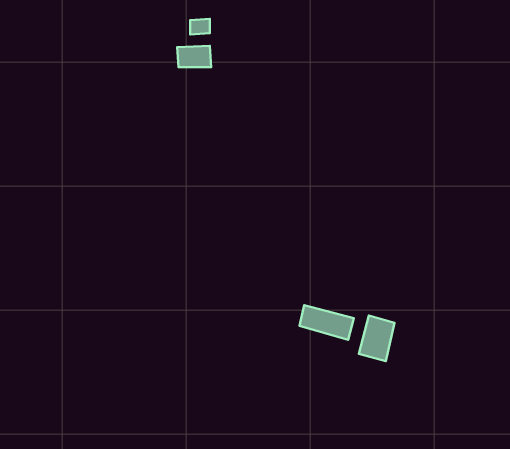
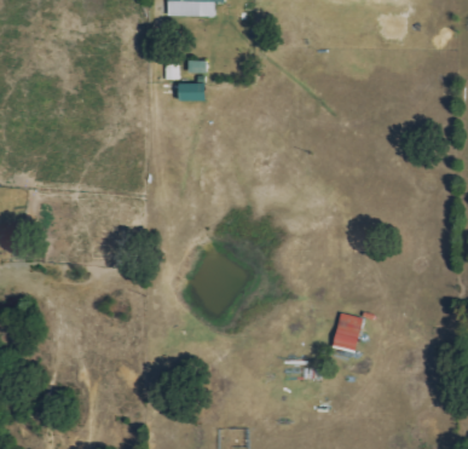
building: [299,305,354,340] -> none

